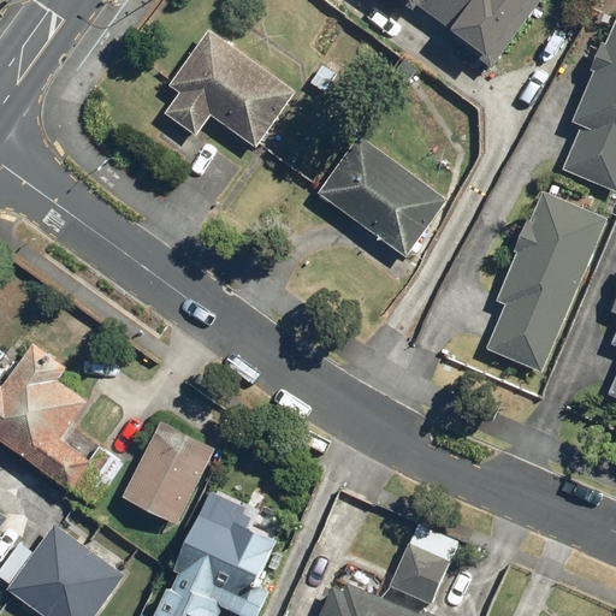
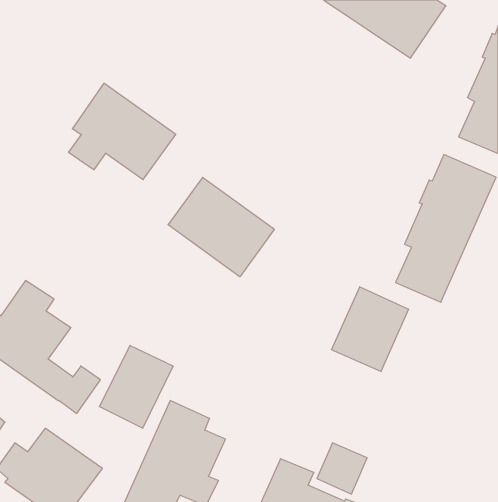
building: [164,29,295,147] -> [68,83,176,180]
building: [318,135,448,256] -> [168,177,274,277]
building: none -> [331,287,408,372]

